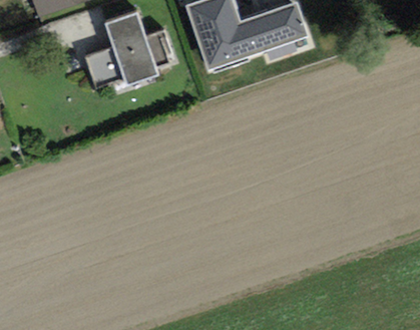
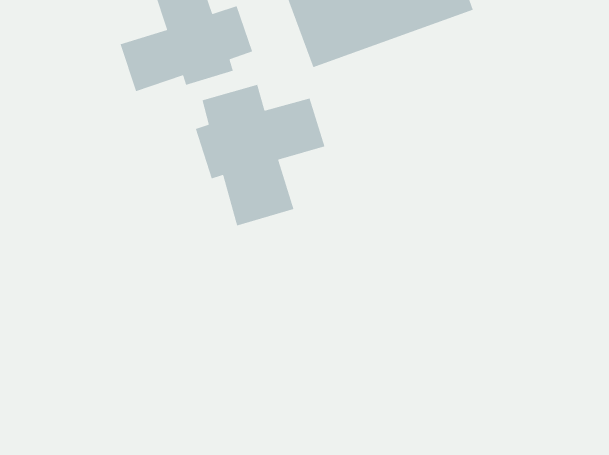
building: none -> [195,84,325,226]

